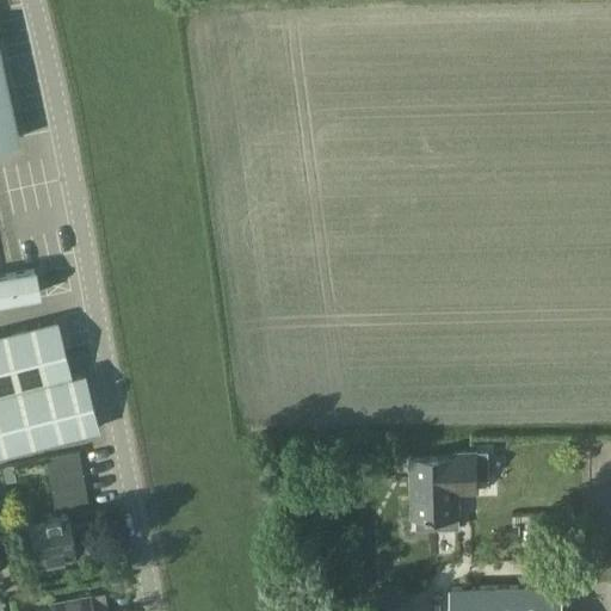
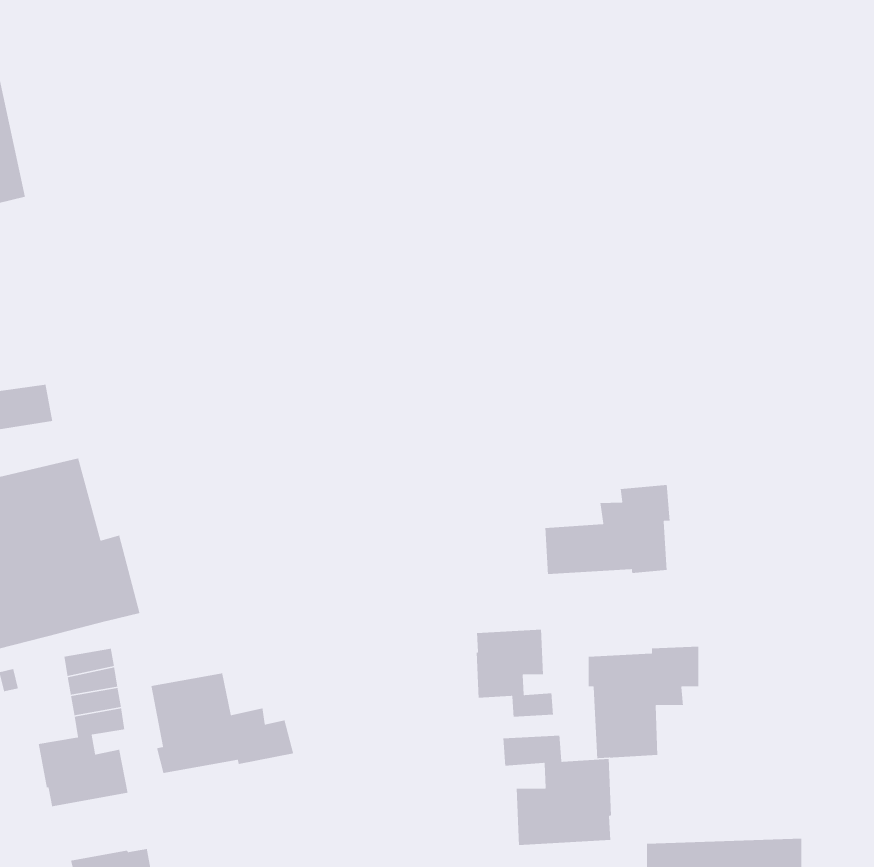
building: none -> [544,484,671,575]
building: none -> [476,629,554,718]
building: none -> [151,673,294,774]
building: none -> [502,735,612,846]

